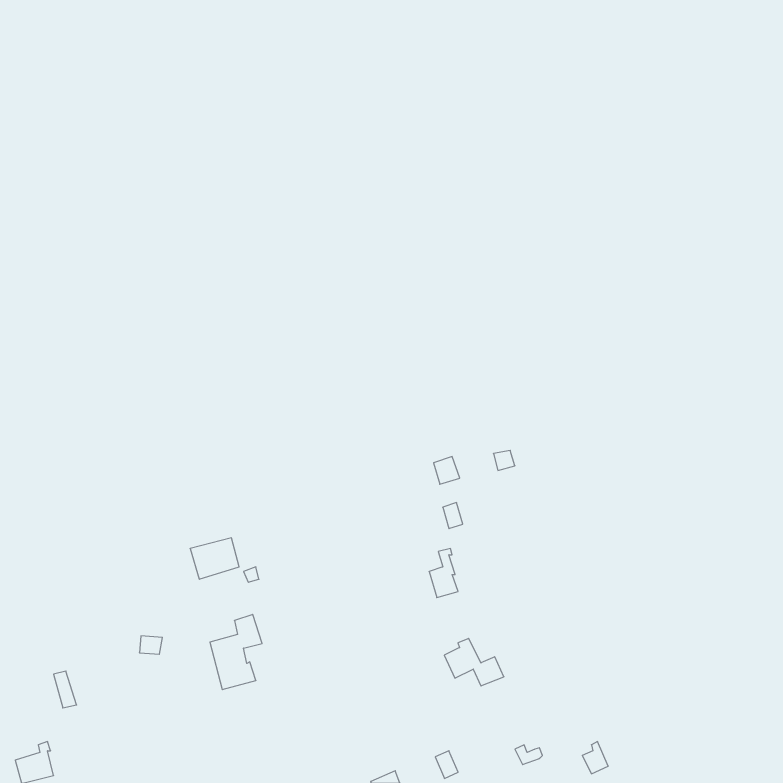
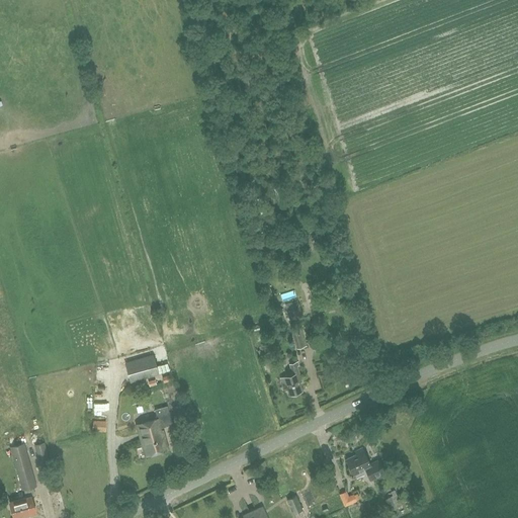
building: [444,638,504,686] -> [346,448,385,480]
building: none -> [10,443,36,490]

